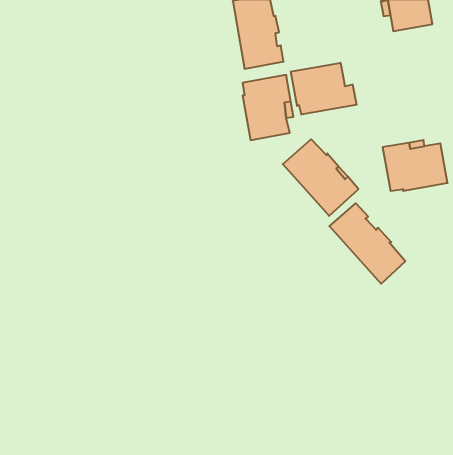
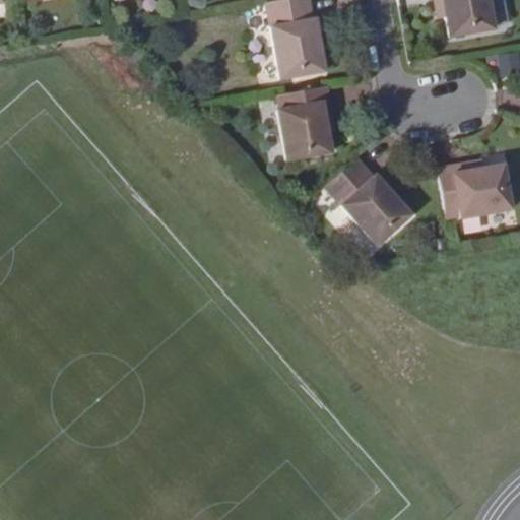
building: [291,63,357,115] -> none
building: [329,203,405,284] -> none

